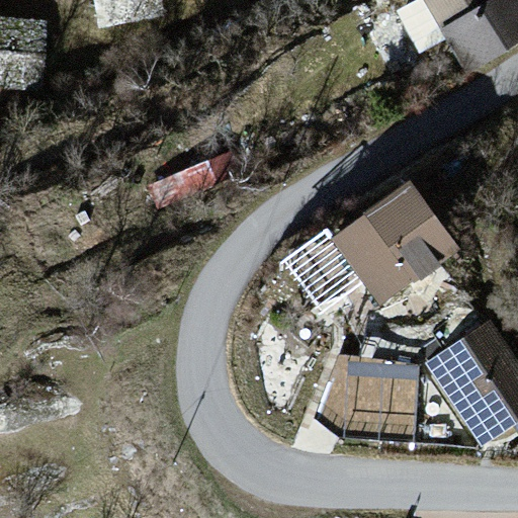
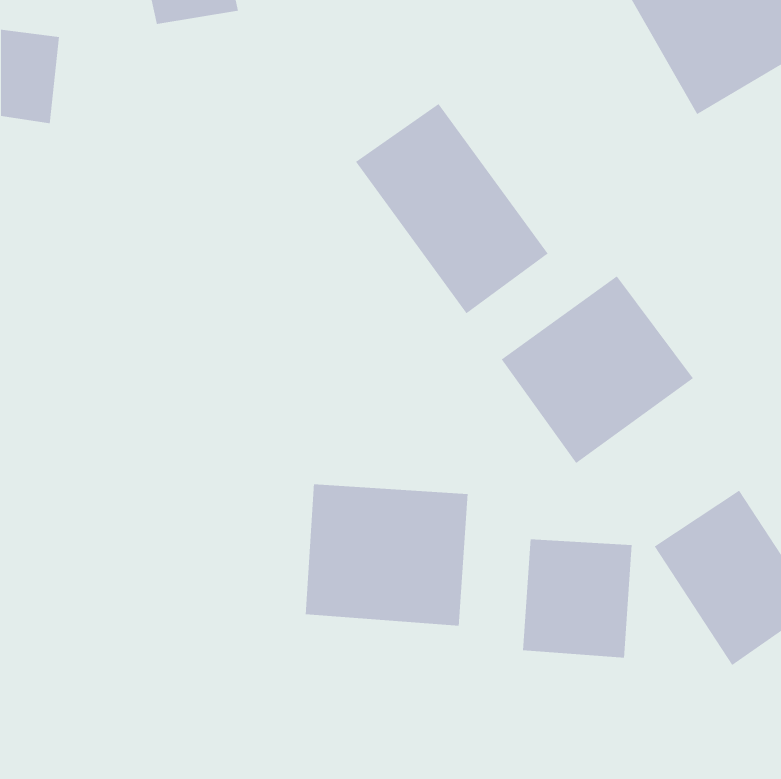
building: none -> [355,103,548,314]
building: none -> [305,484,468,627]

